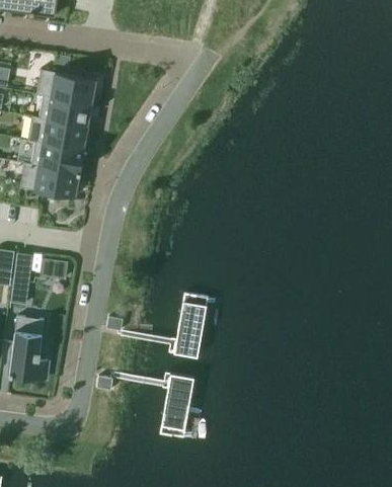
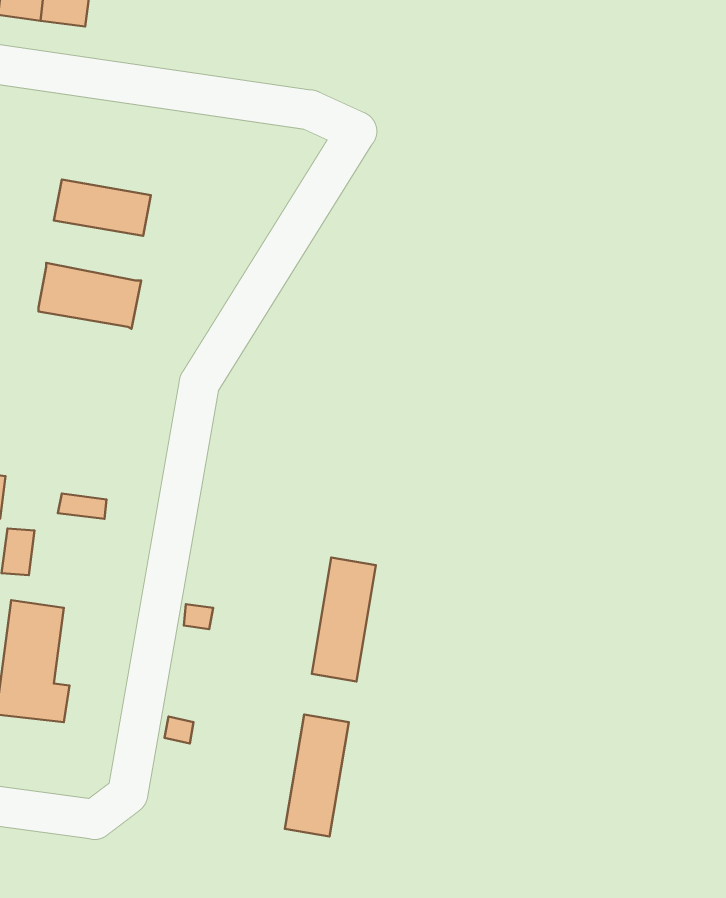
building: [36,68,95,103] -> none
building: [28,114,86,148] -> none
building: [20,161,78,196] -> none

